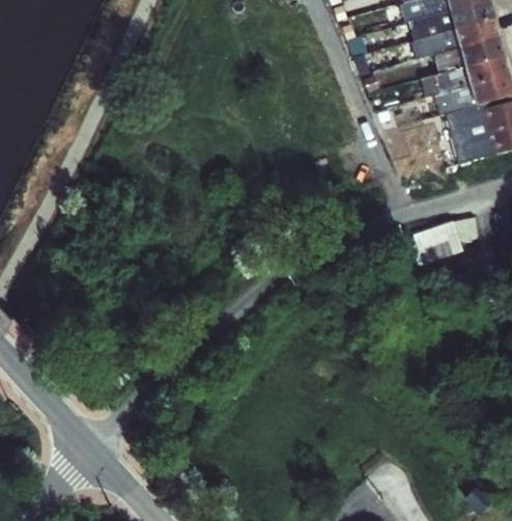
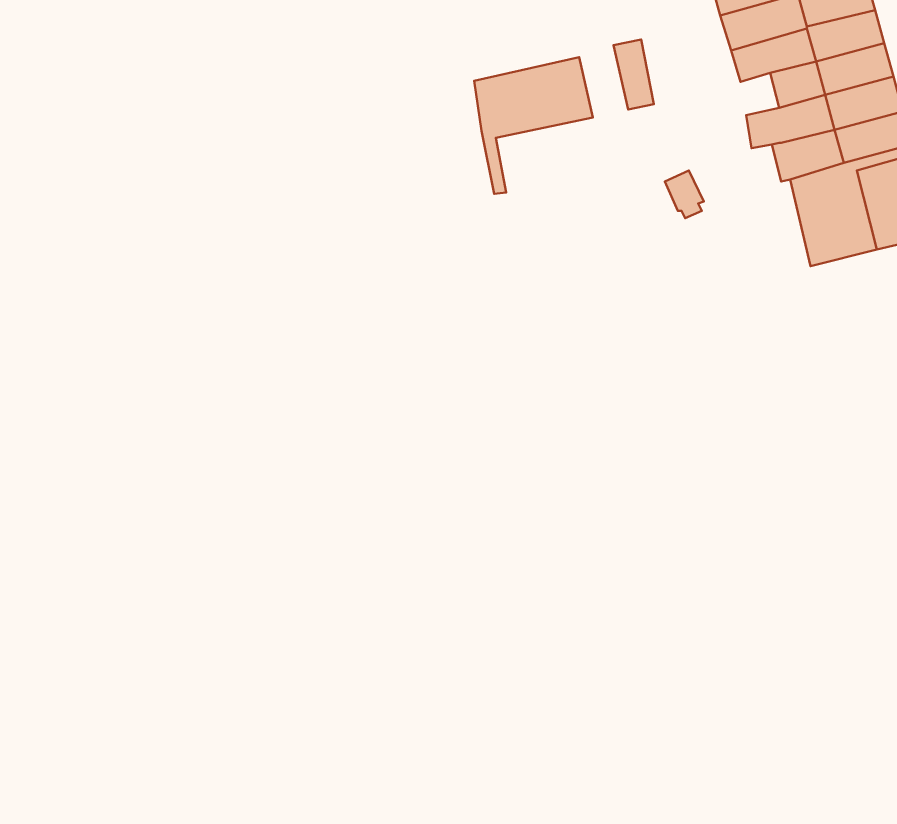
building: none -> [474,57,593,194]
building: [415,220,464,263] -> none

